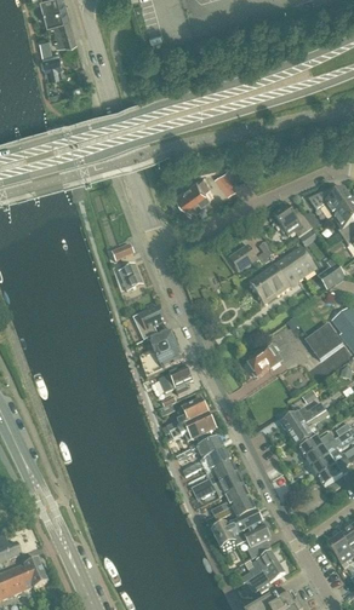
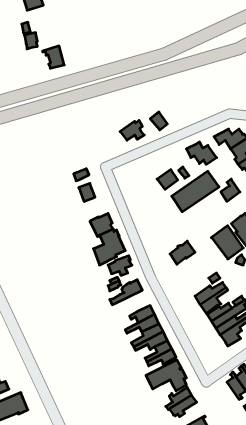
building: [45,13,75,45] -> [43,46,64,68]
building: [165,414,215,444] -> none

